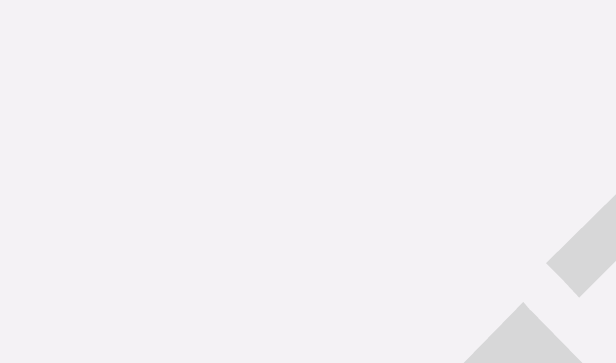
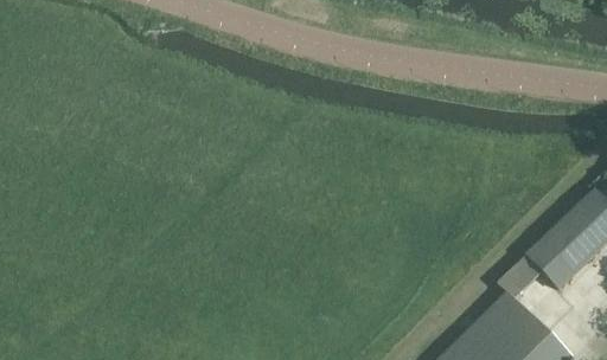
building: none -> [497,255,542,298]

